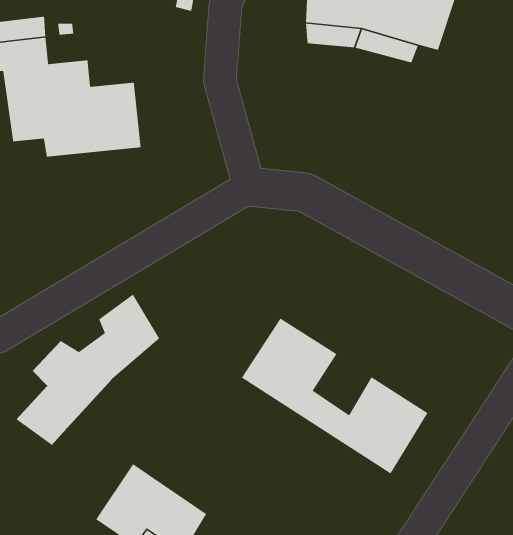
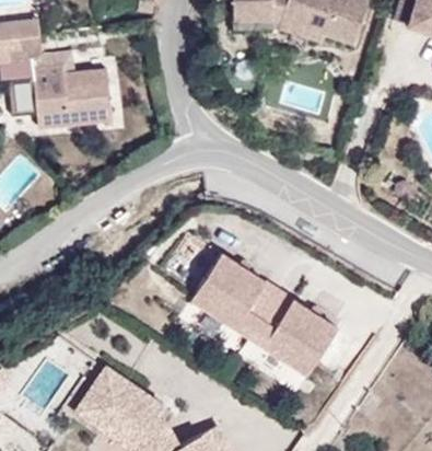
building: [16,293,160,446] -> none
building: none -> [247,280,292,327]

